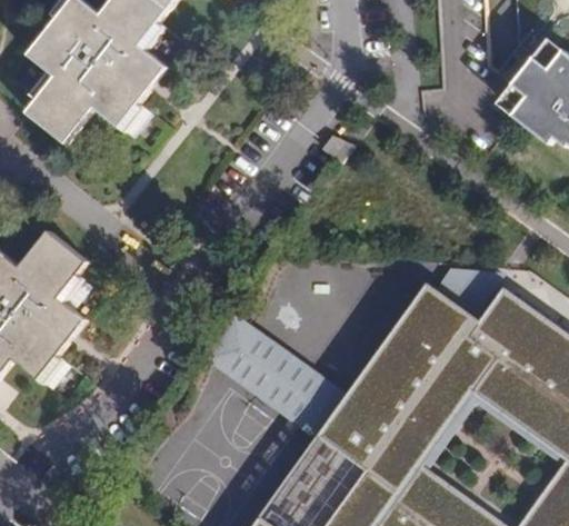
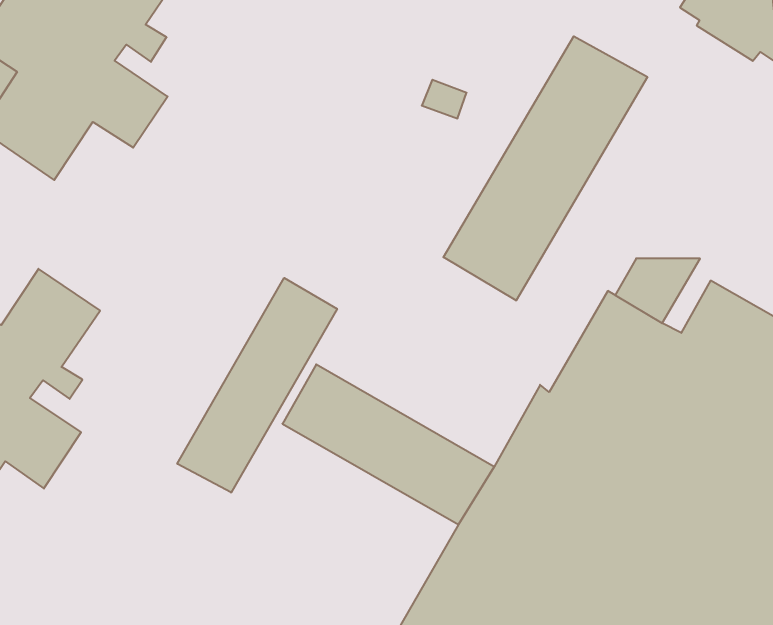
building: none -> [443,36,647,301]
building: none -> [177,278,337,493]

